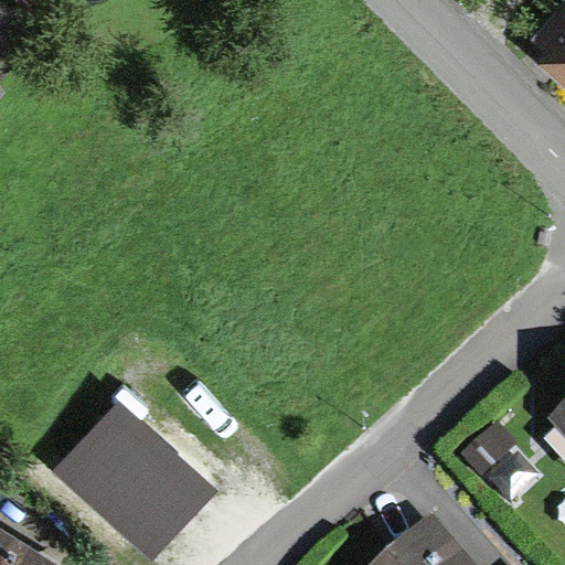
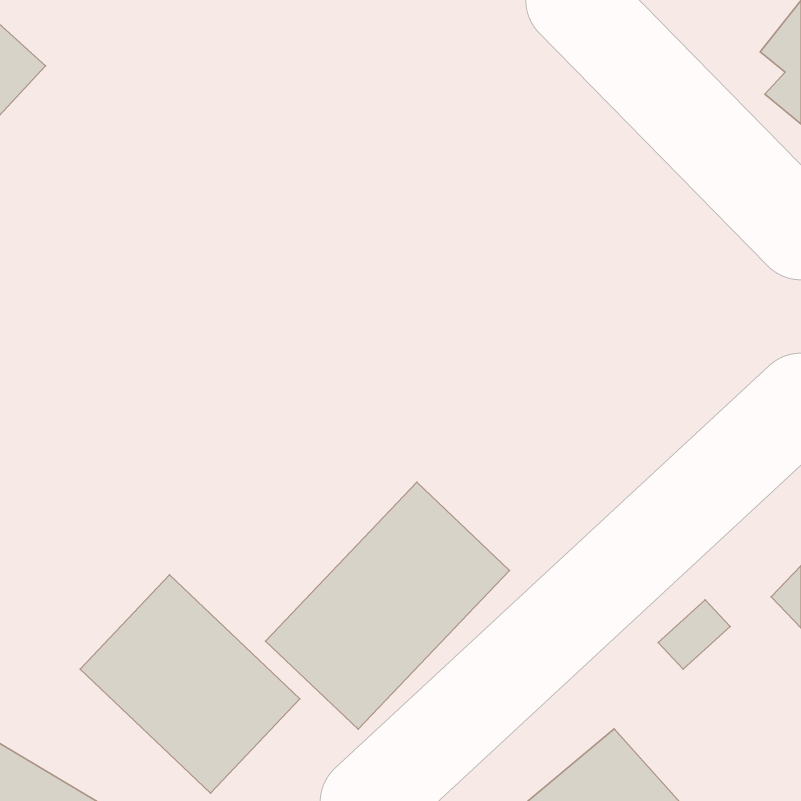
building: none -> [266,482,509,729]

